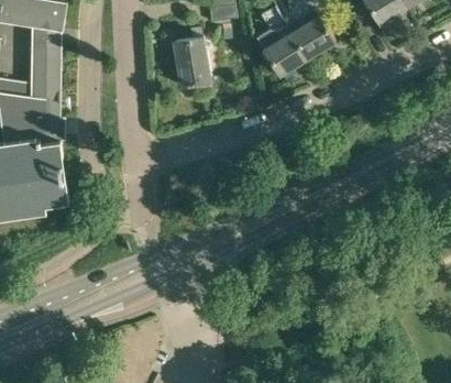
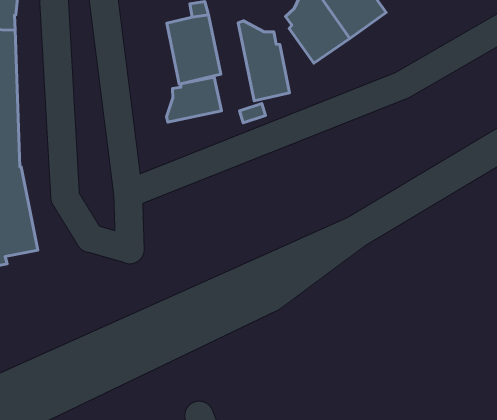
building: none -> [238,21,289,101]
building: none -> [166,77,221,122]

